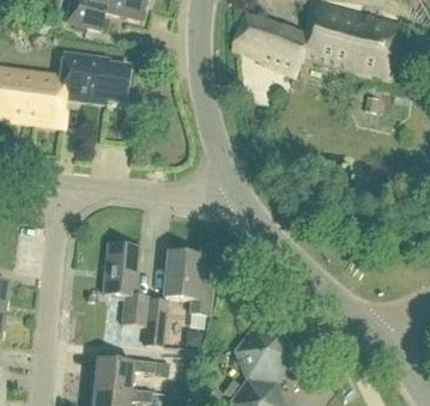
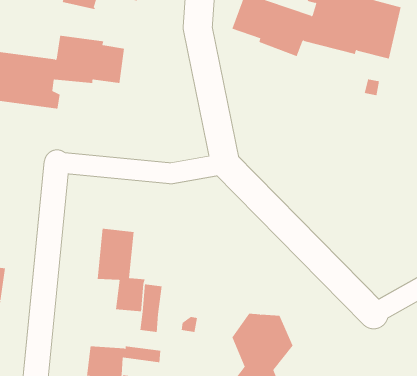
building: [162,252,212,314] -> none

